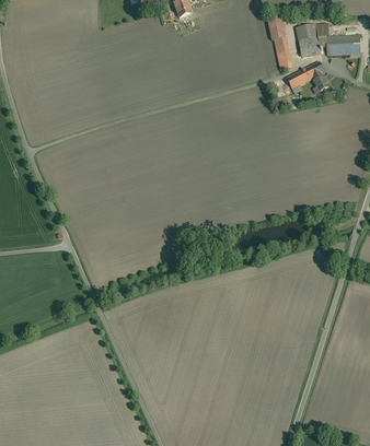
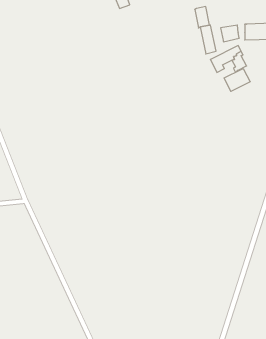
building: [297,24,329,46] -> none
building: none -> [224,69,250,91]

